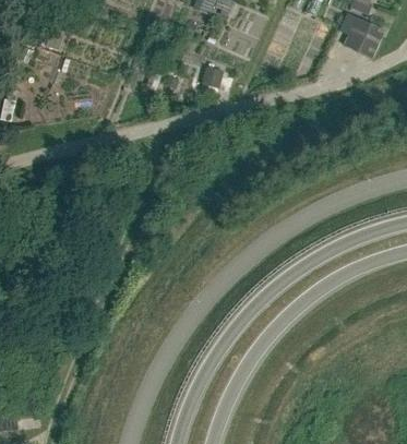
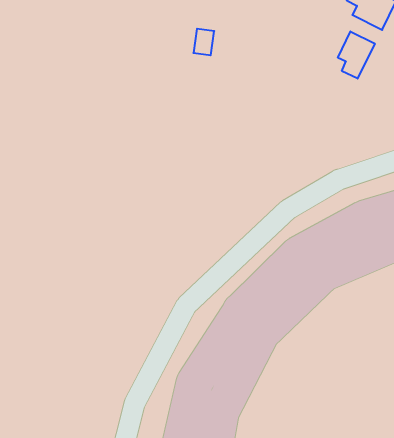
building: none -> [338,31,375,79]

